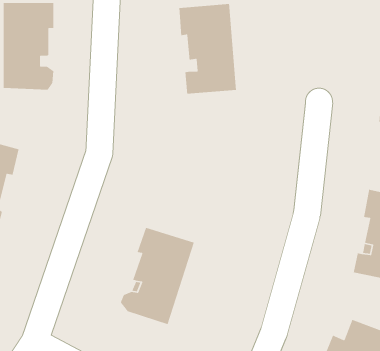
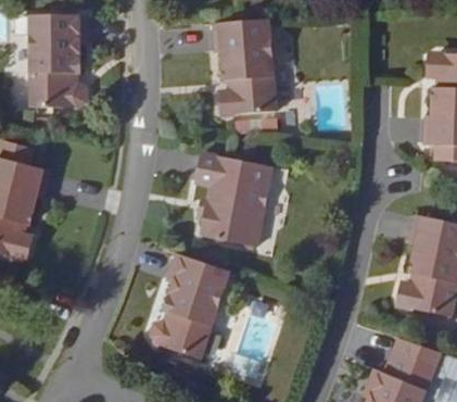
building: none -> [201,153,276,247]

